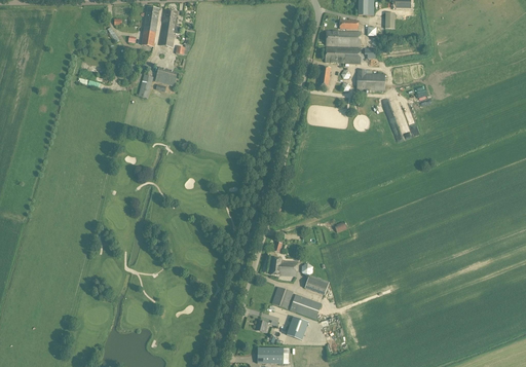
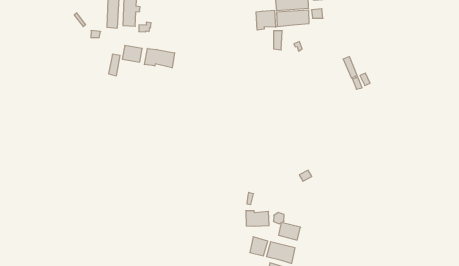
building: none -> [256,10,276,30]
building: [355,69,384,89] -> none
building: none -> [144,48,175,68]

